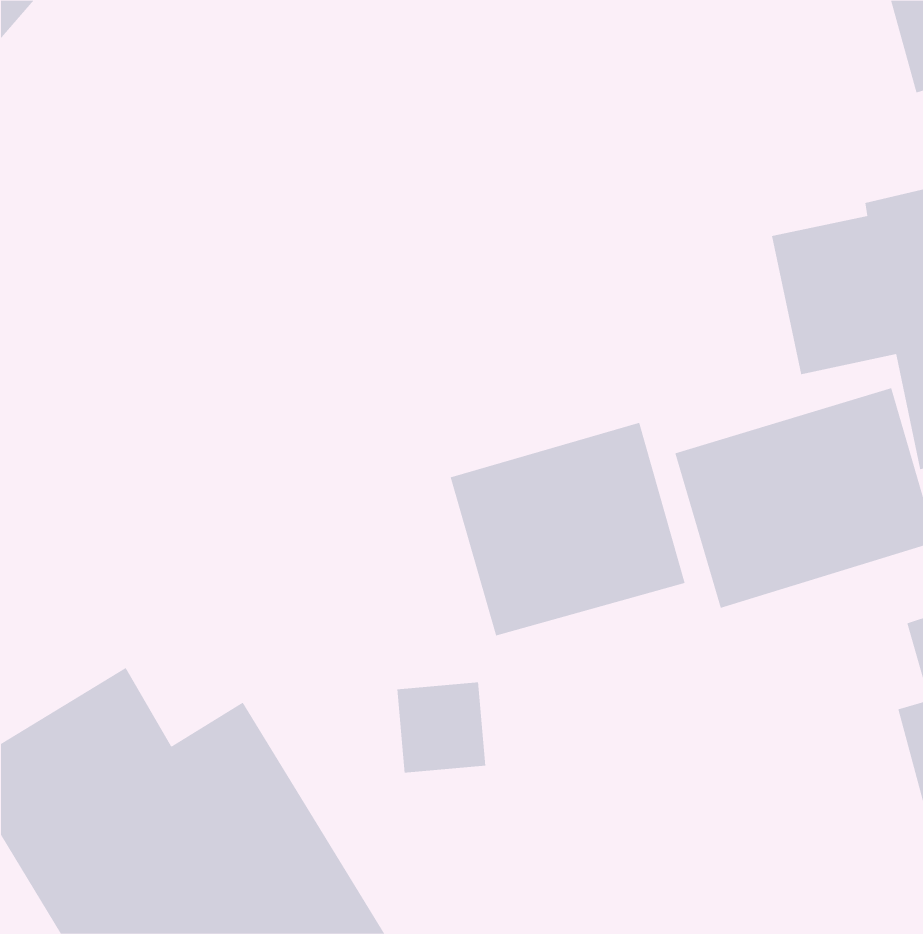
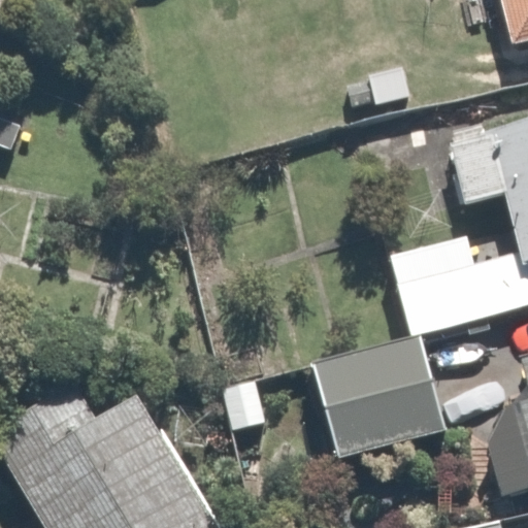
building: [450,422,686,636] -> [315,348,448,468]

